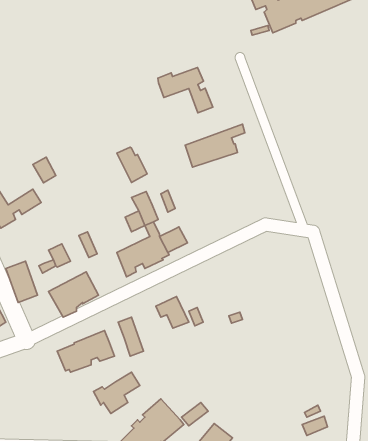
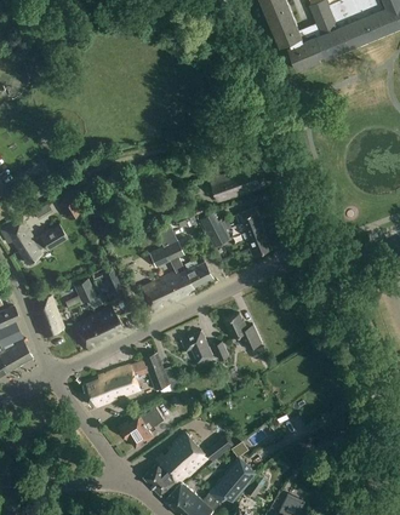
building: [158,67,213,113] -> none
building: [117,147,147,182] -> [201,212,232,247]
building: none -> [235,206,272,256]
building: none -> [224,314,262,349]

